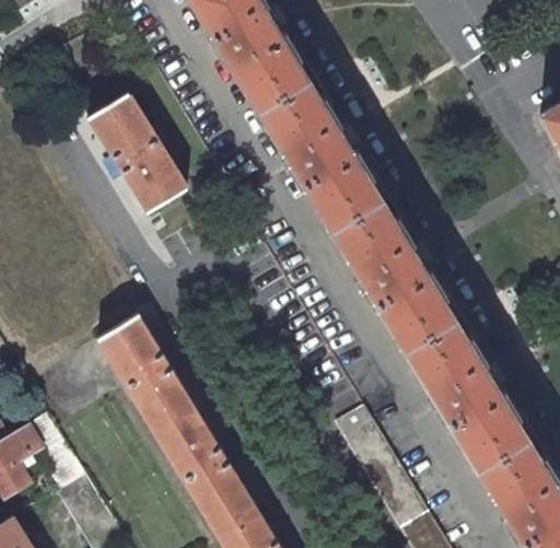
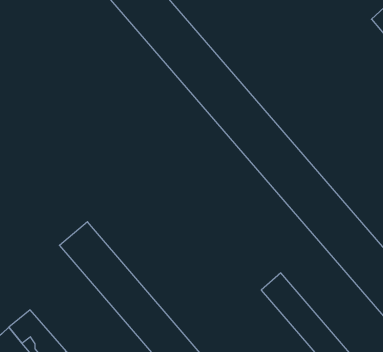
building: [88,92,186,212] -> none

